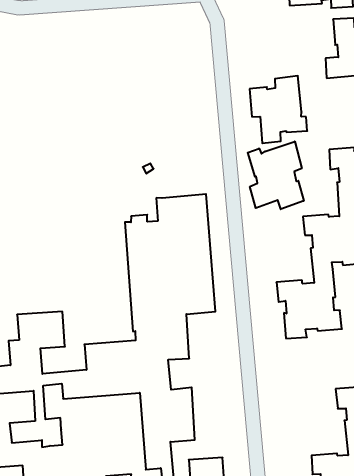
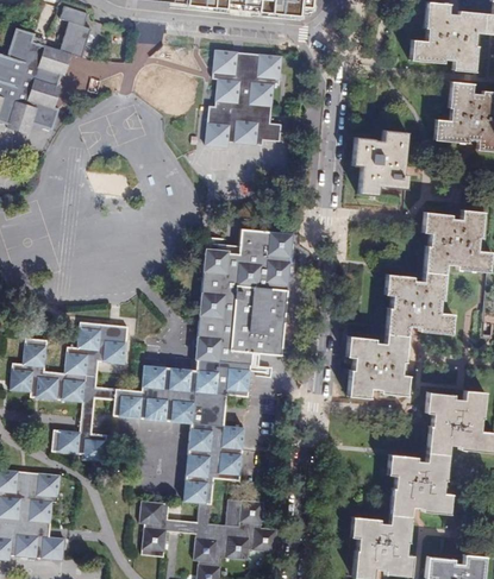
building: none -> [204,50,279,146]
building: [248,141,304,209] -> none

